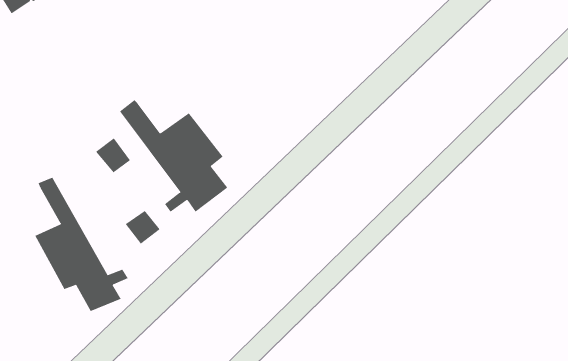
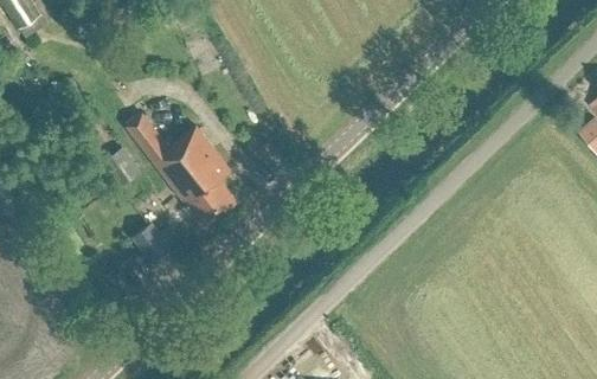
building: [35,177,128,312] -> none

